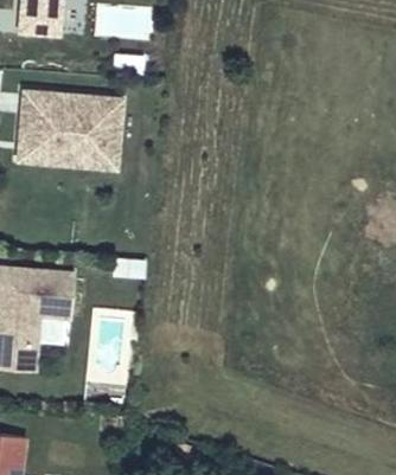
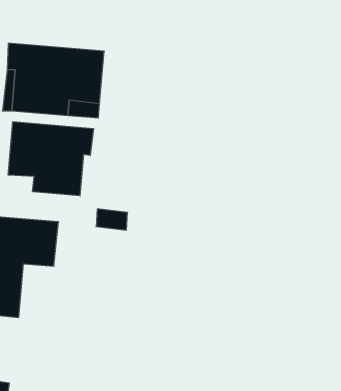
building: none -> [8,122,93,196]

